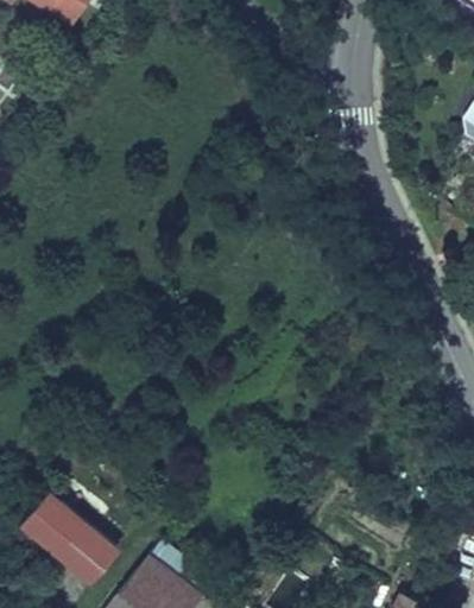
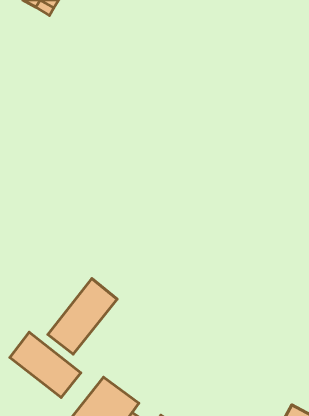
building: none -> [48,279,117,354]

